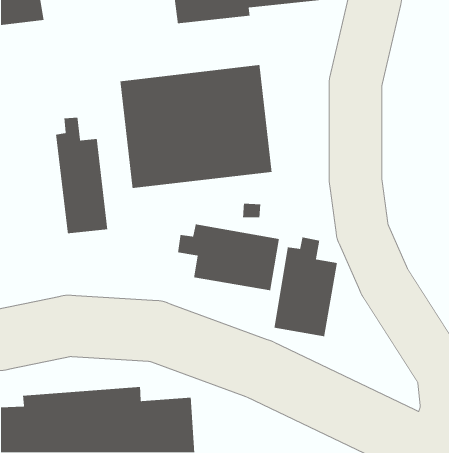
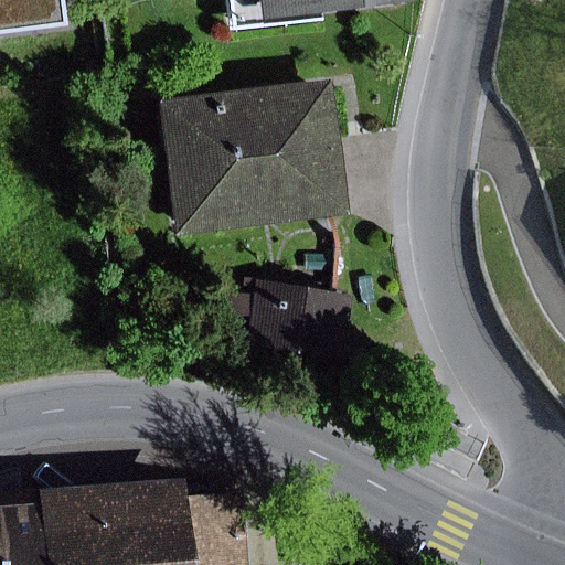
building: [55,117,108,234] -> none
building: [274,236,338,337] -> none

